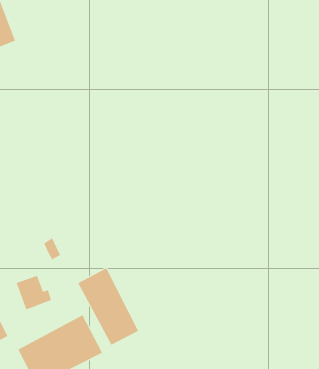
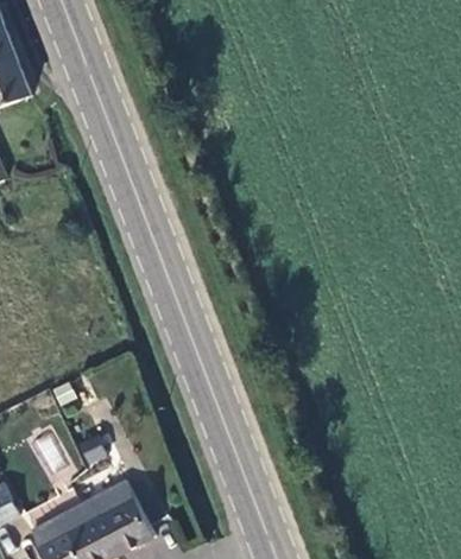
building: [78,268,139,345] -> none

